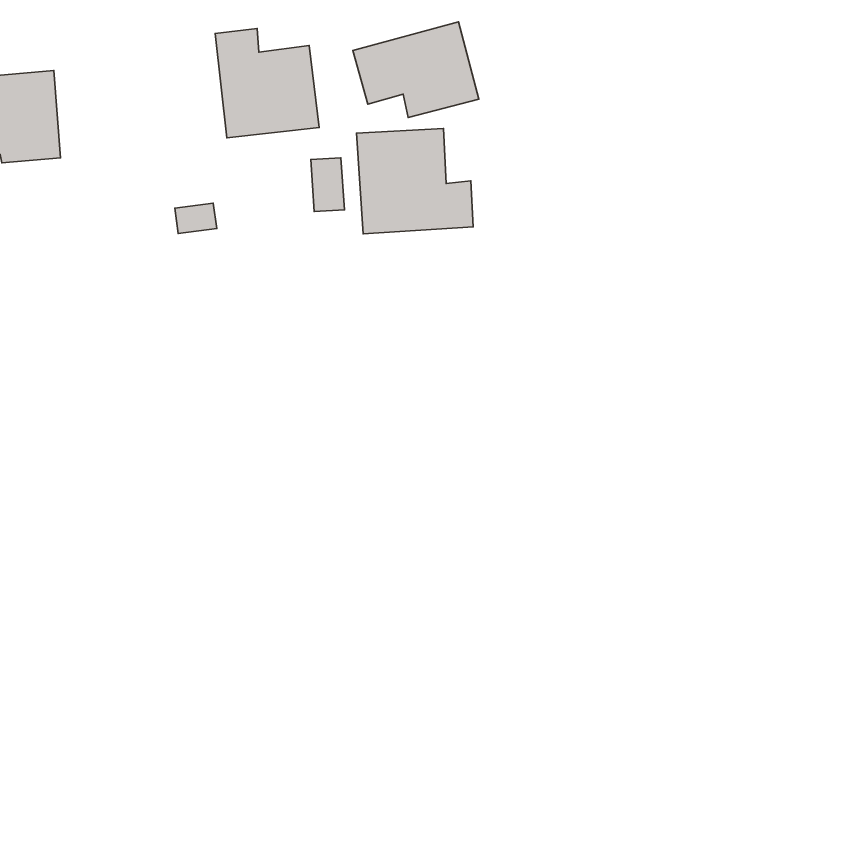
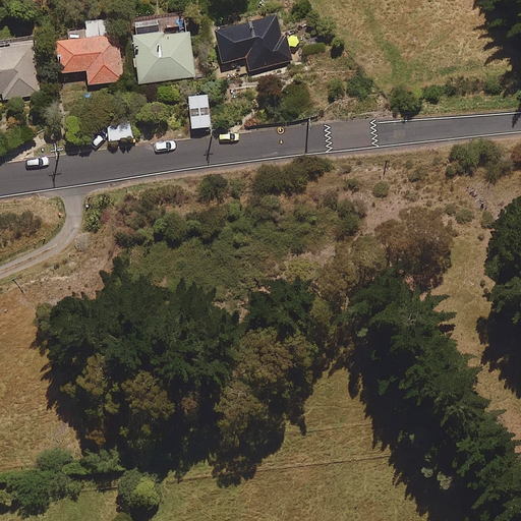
building: none -> [57,19,120,84]
building: [356,128,473,234] -> none

